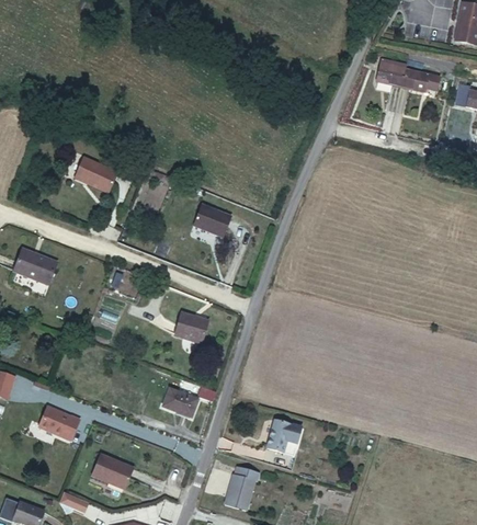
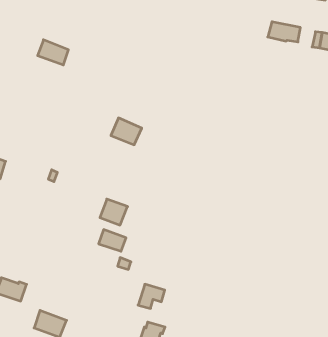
building: [373,64,404,94] -> none
building: [70,155,111,187] -> [38,40,68,65]
building: [162,385,198,413] -> [99,230,126,251]
building: [270,420,305,452] -> [138,284,165,308]

